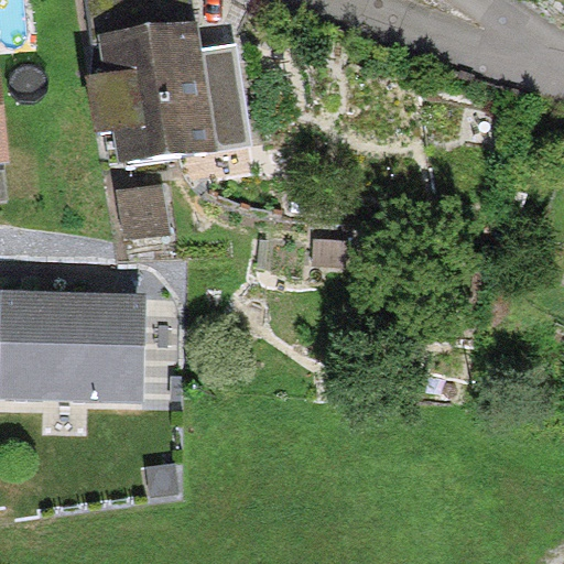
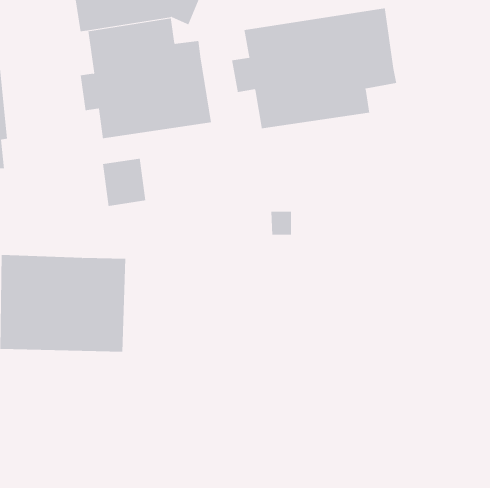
building: none -> [232,7,397,129]

